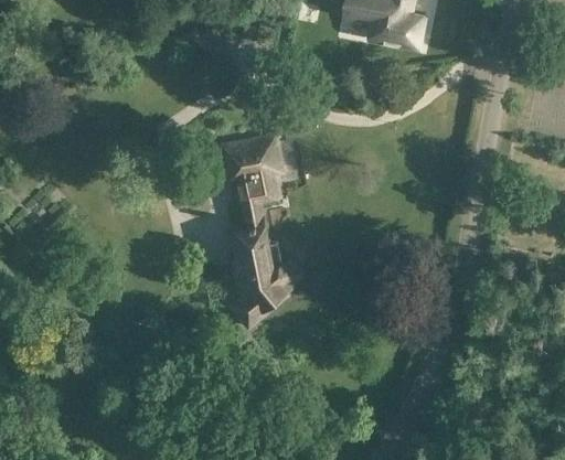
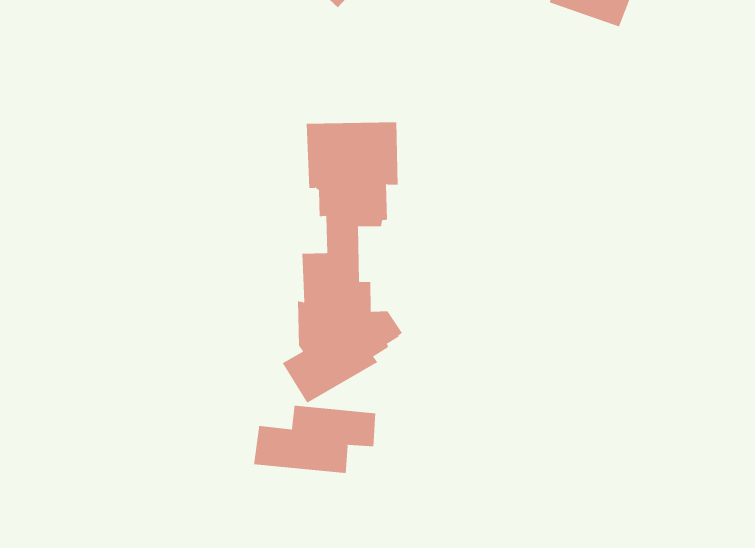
building: none -> [253,405,376,474]

